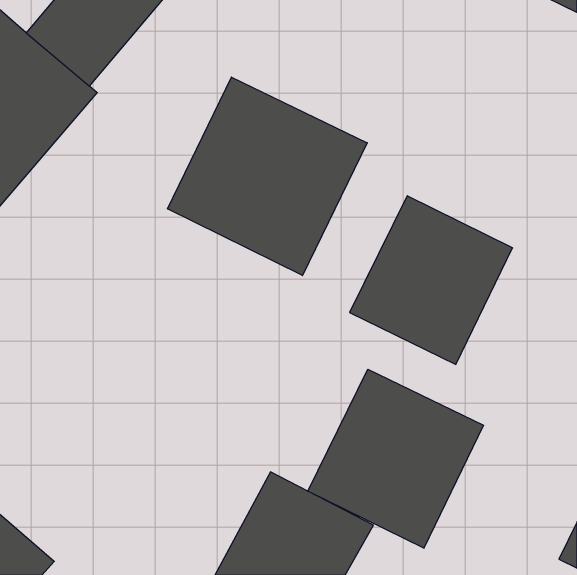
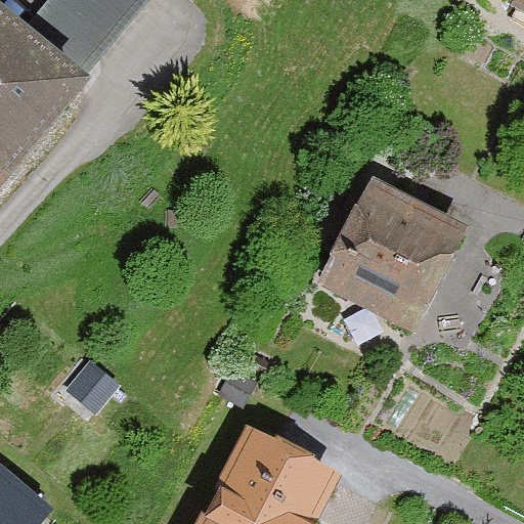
building: [168,77,367,276] -> none
building: [308,369,483,548] -> none

